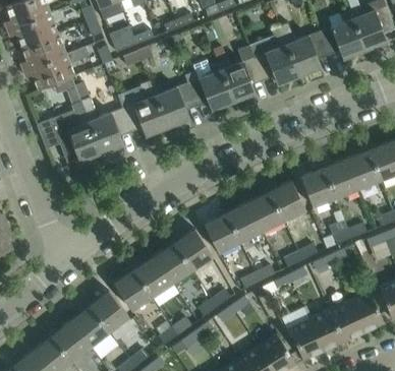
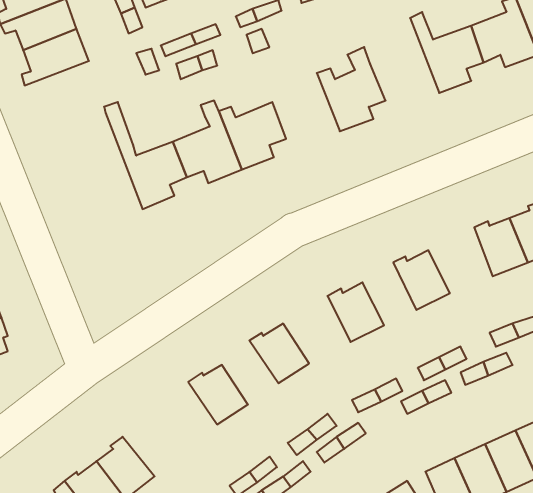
building: [253,26,299,84] -> none
building: [23,55,74,89] -> none
building: [186,60,233,111] -> none
building: [38,89,102,164] -> none
building: [301,166,335,206] -> none
building: [248,189,284,231] -> none
building: [205,211,240,253] -> none
building: [155,241,192,284] -> none
building: [114,268,152,311] -> none
building: [89,292,128,331] -> none

